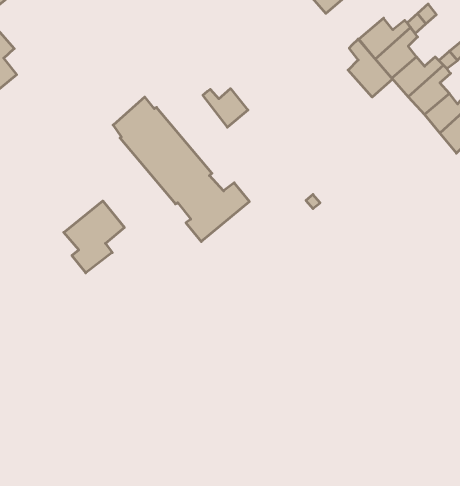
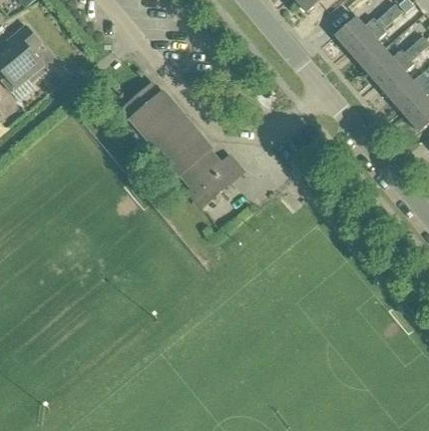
building: [348,39,392,97] -> none
building: [203,89,248,127] -> none
building: [64,201,124,273] -> none

